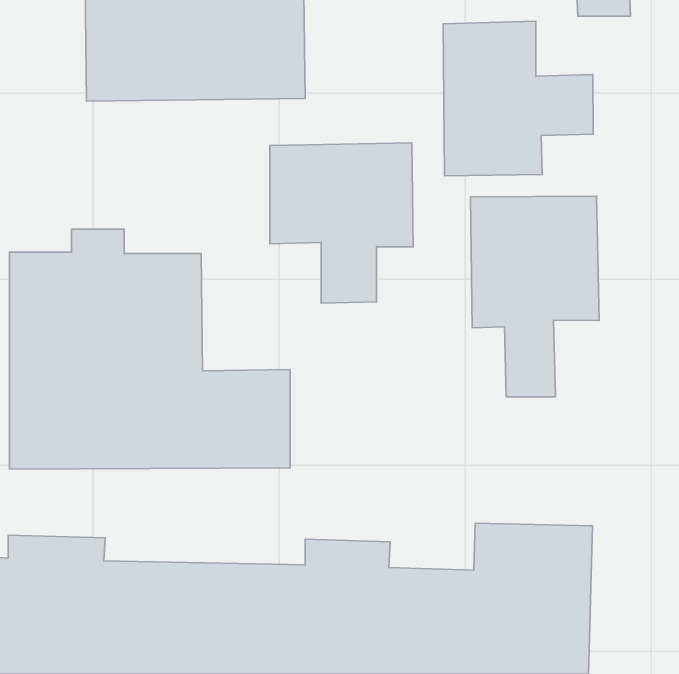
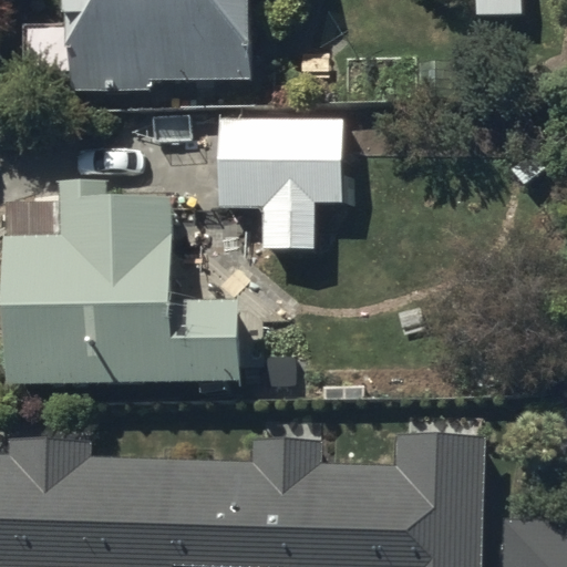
building: [443,21,593,176] -> none
building: [471,196,599,397] -> none

